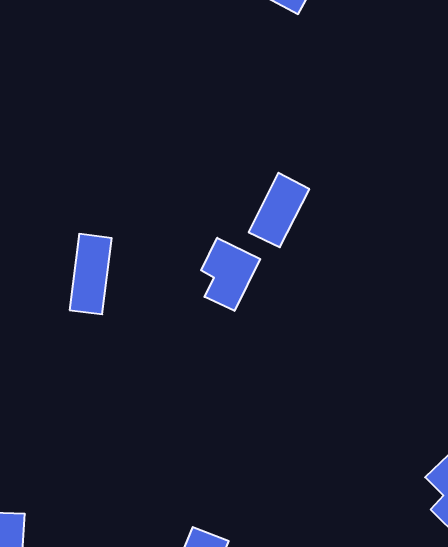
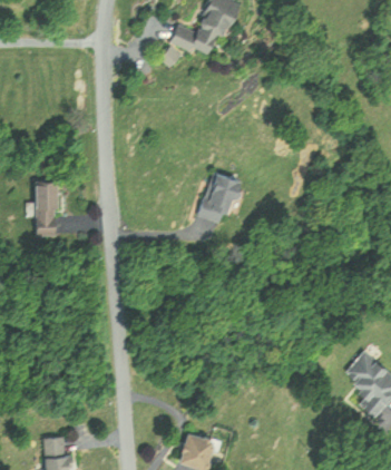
building: [70,234,112,314] -> [36,182,59,236]
building: [201,238,260,311] -> none

